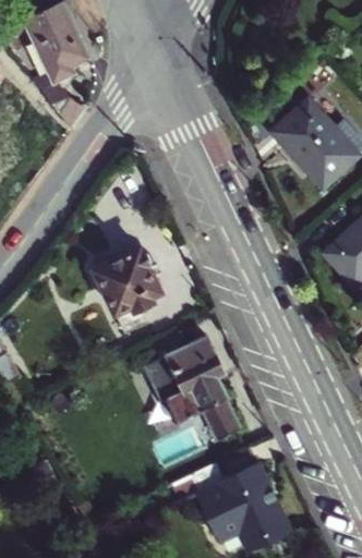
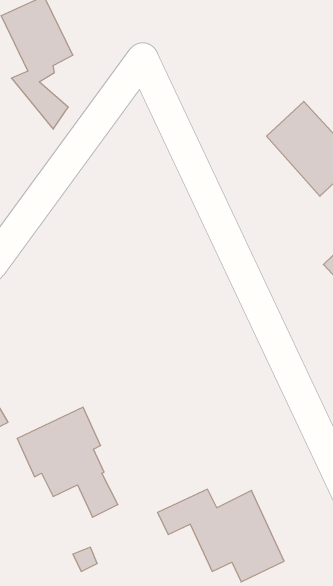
building: [94,247,160,332] -> none
building: [143,337,238,440] -> [17,407,118,517]

